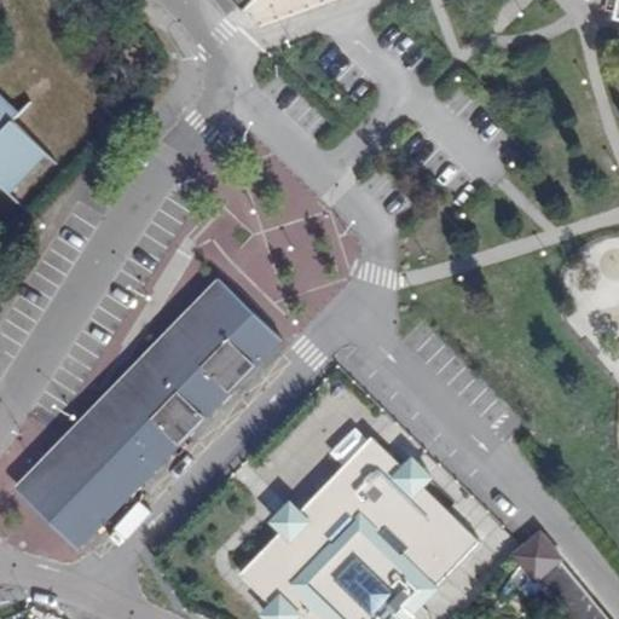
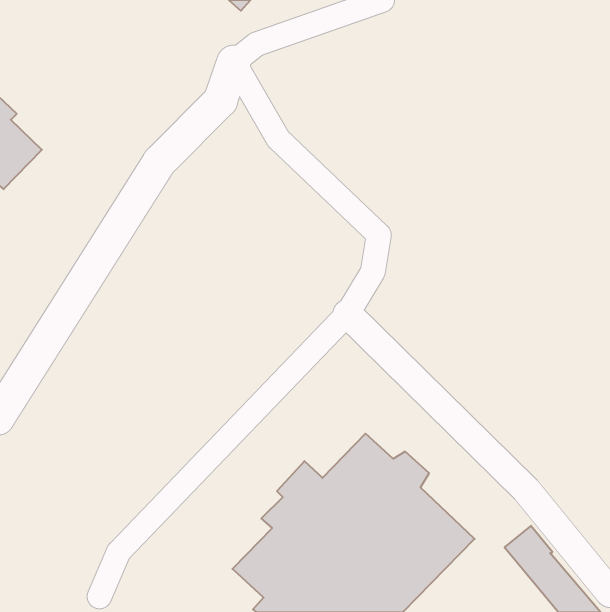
building: [25,288,279,545] -> none

